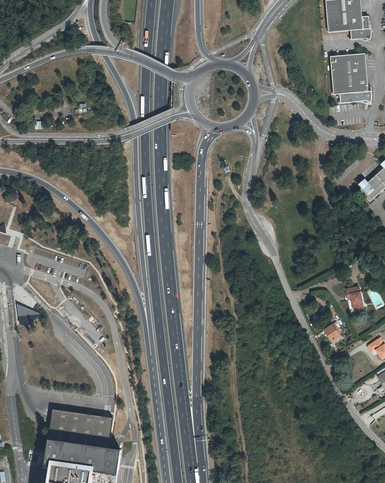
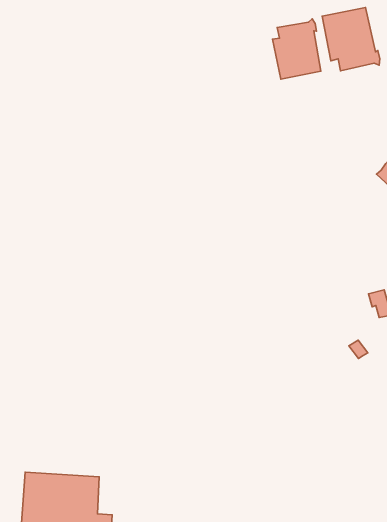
building: none -> [273,19,321,79]

